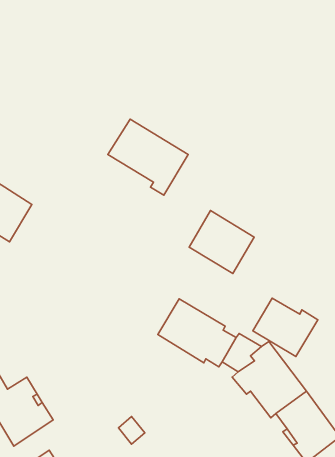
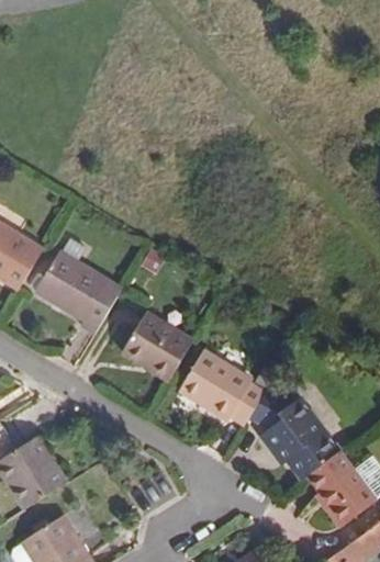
building: [108,119,188,195] -> [34,251,121,334]
building: [189,211,254,274] -> [122,313,192,381]
building: [253,298,318,356] -> none

